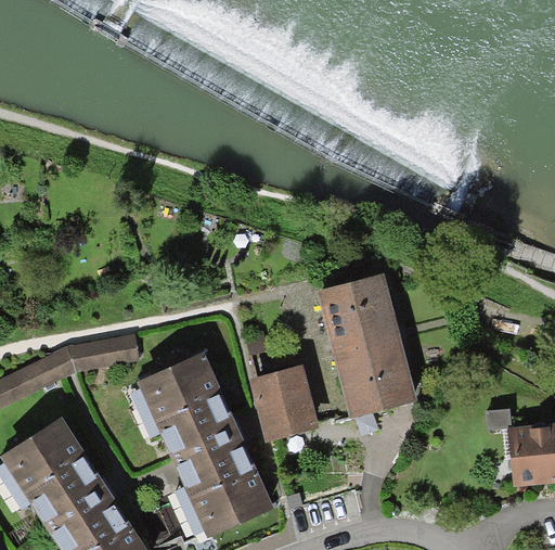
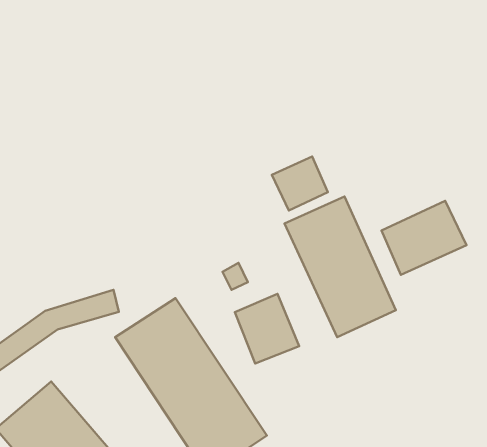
building: none -> [272,156,328,211]
building: none -> [381,201,467,275]

